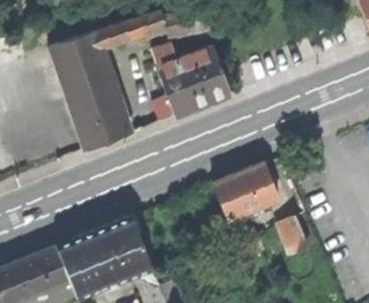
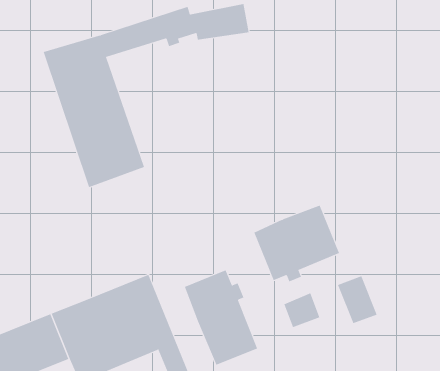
building: [153,42,232,119] -> none
building: none -> [184,269,258,366]

